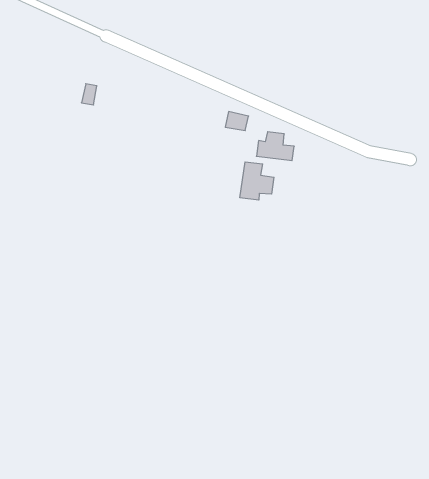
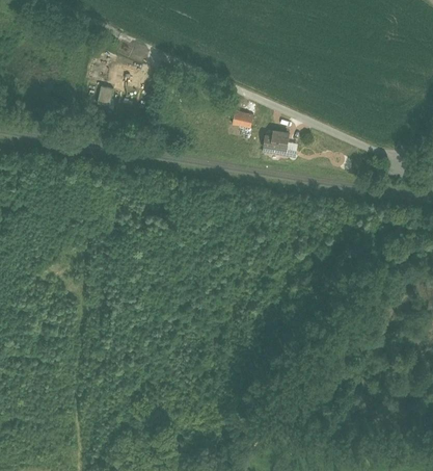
building: [240,162,274,200] -> none

